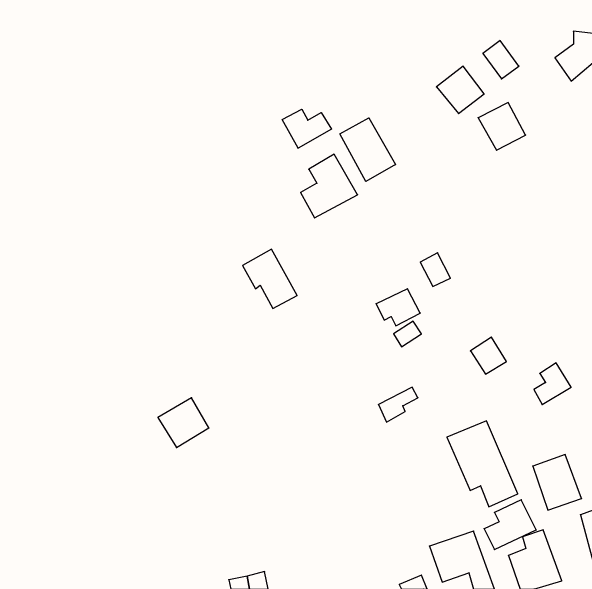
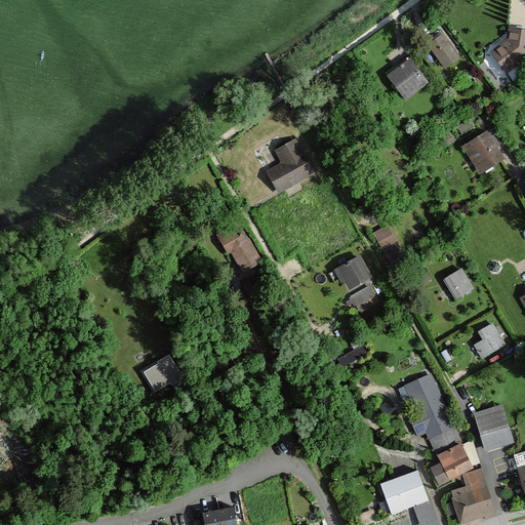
building: [478,103,526,150] -> [463,131,506,173]
building: [282,109,332,148] -> none
building: [340,118,396,181] -> none
building: [470,337,506,374] -> [443,267,475,299]

